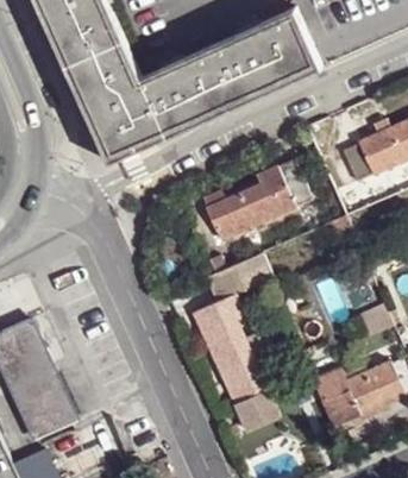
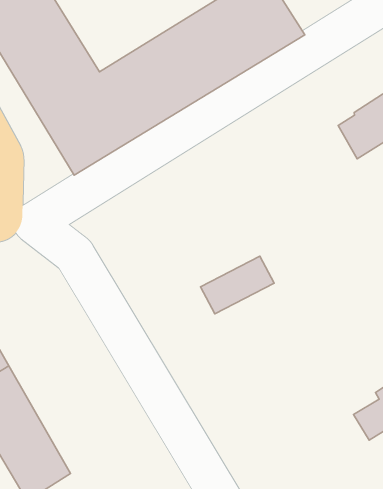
building: [200,158,312,240] -> none
building: [195,295,281,422] -> none

